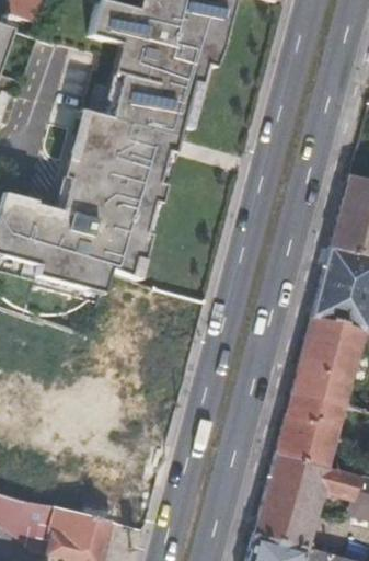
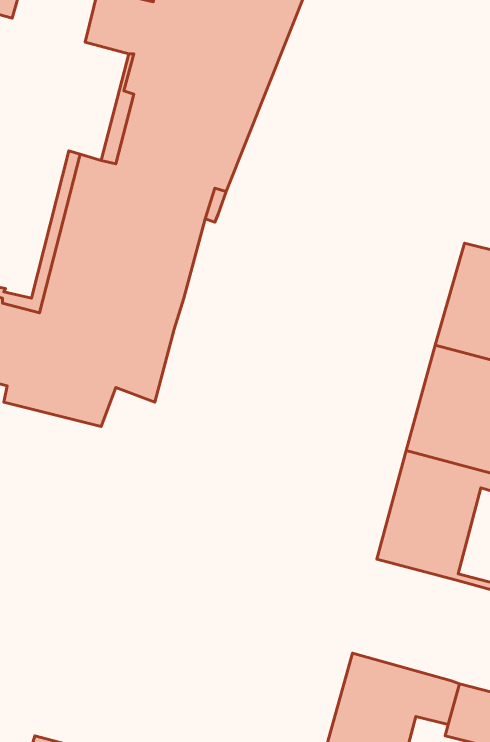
building: [274,383,344,466] -> none

